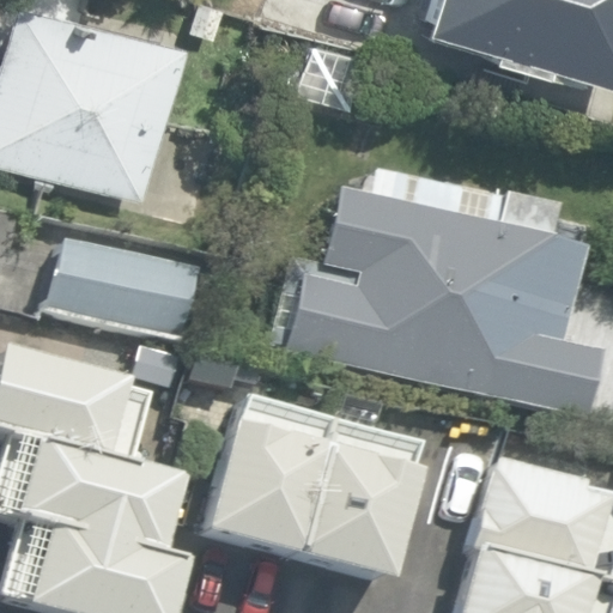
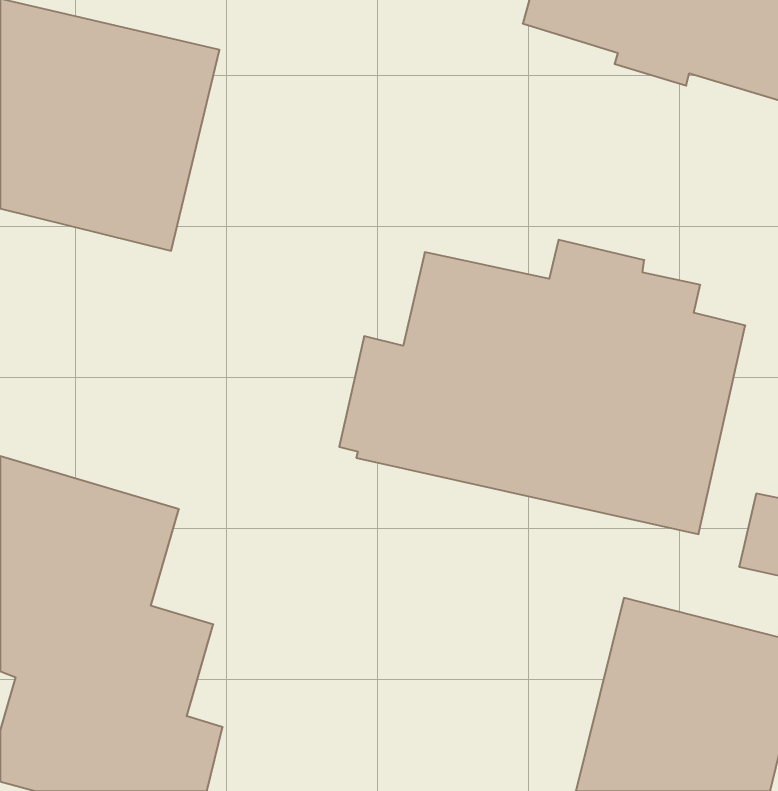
building: [50,243,198,340] -> none
building: [202,394,424,584] -> none

